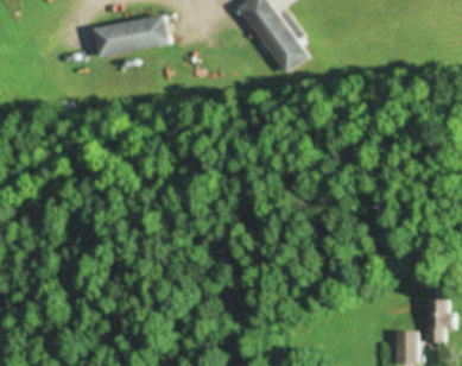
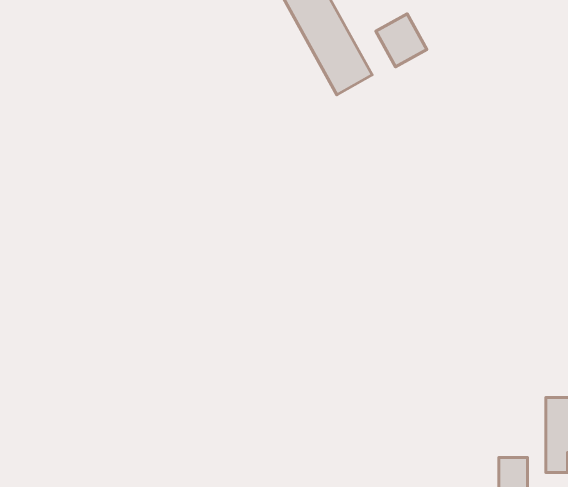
building: [95,15,171,55] -> none
building: none -> [376,14,427,67]

